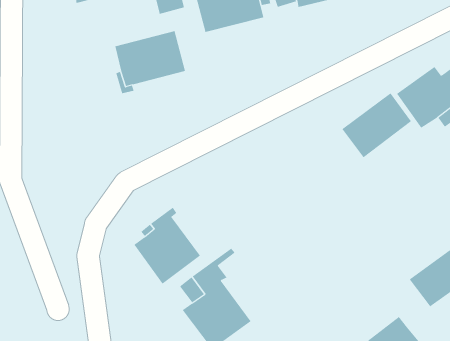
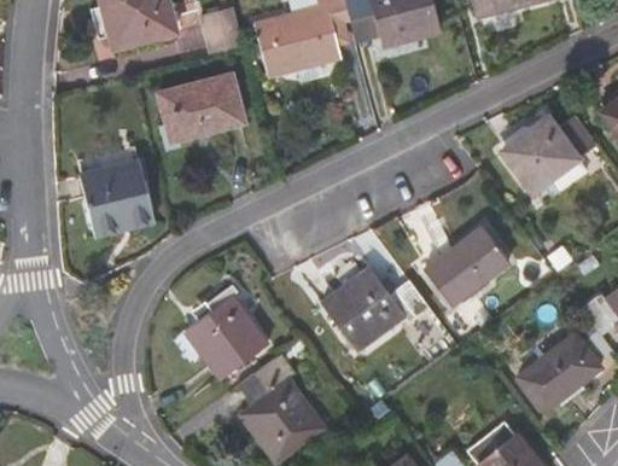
building: [341,93,412,158] -> [424,226,509,305]
building: none -> [80,161,153,235]
building: none -> [322,267,428,349]

